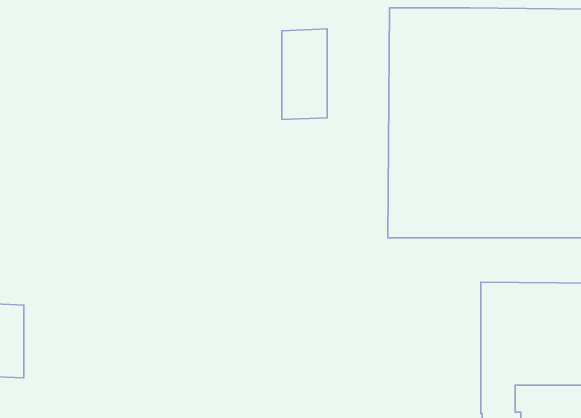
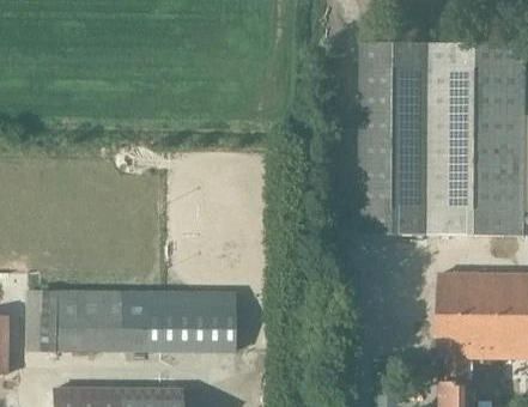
building: [282,29,327,119] -> none
building: none -> [59,290,236,352]

